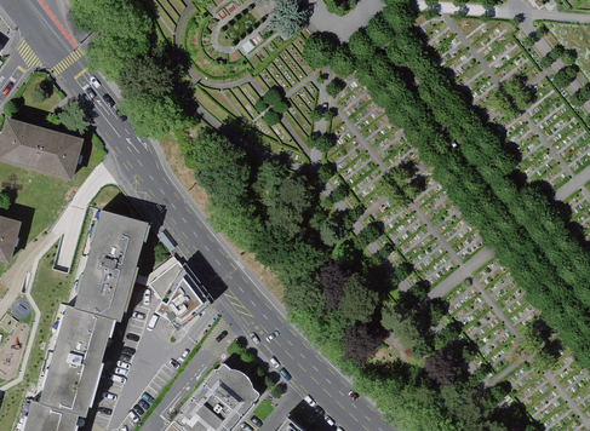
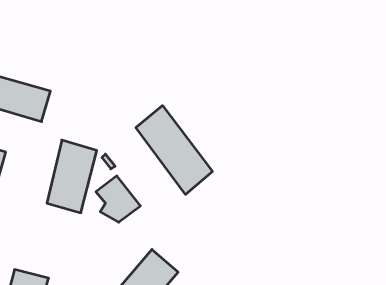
building: none -> [136,106,212,194]
building: [42,298,115,404] -> none

